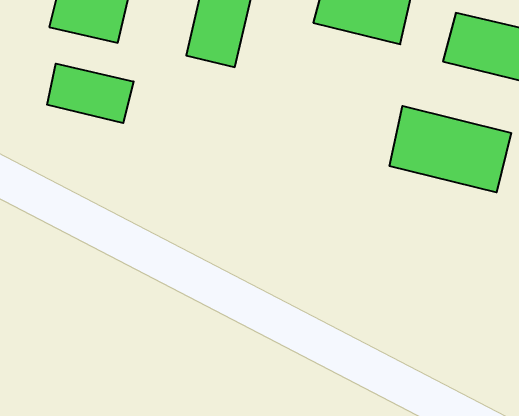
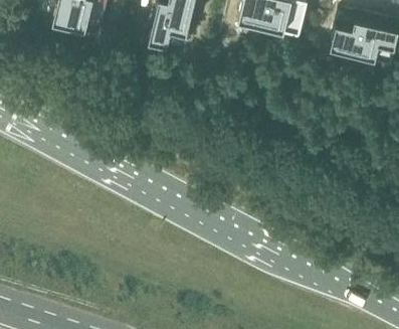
building: [47,64,134,123] -> none
building: [390,106,511,192] -> none

